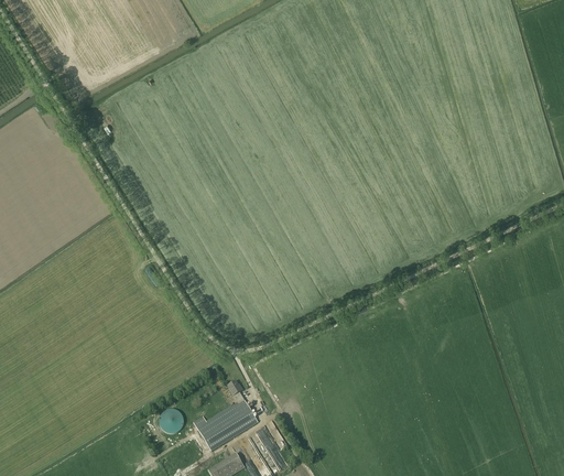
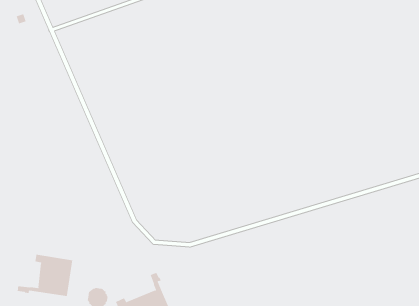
building: none -> [17,254,73,297]

